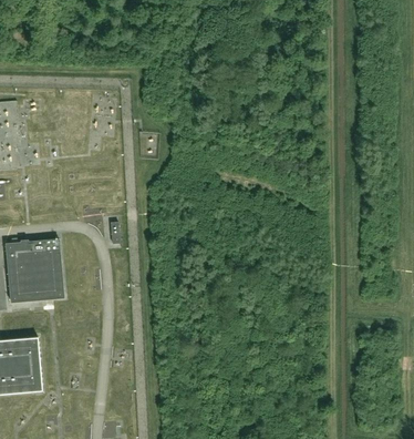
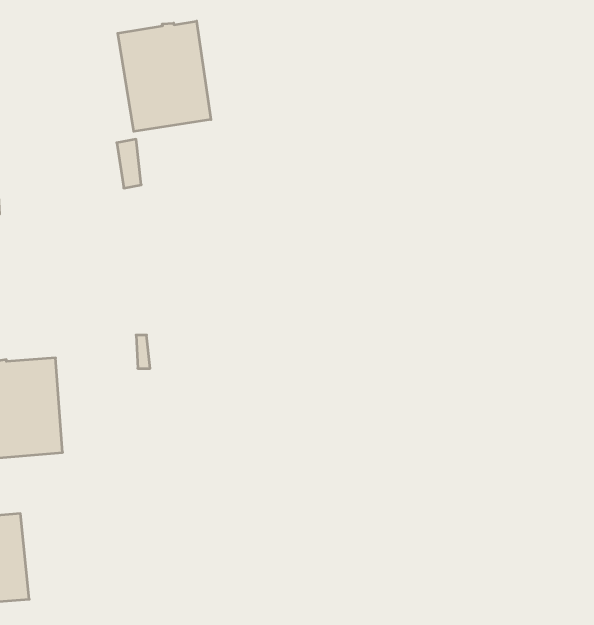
building: none -> [118,21,211,131]

